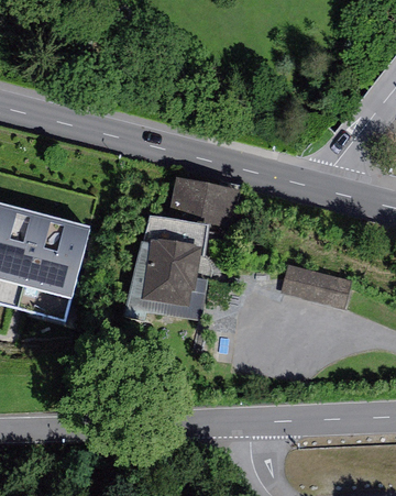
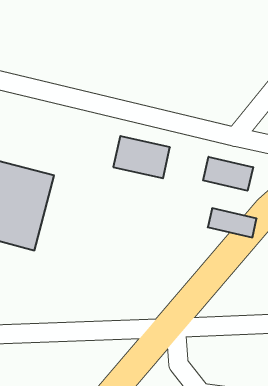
building: none -> [203,157,253,191]
building: [131,217,214,320] -> none

